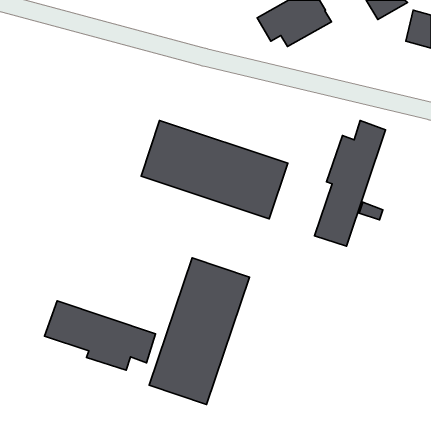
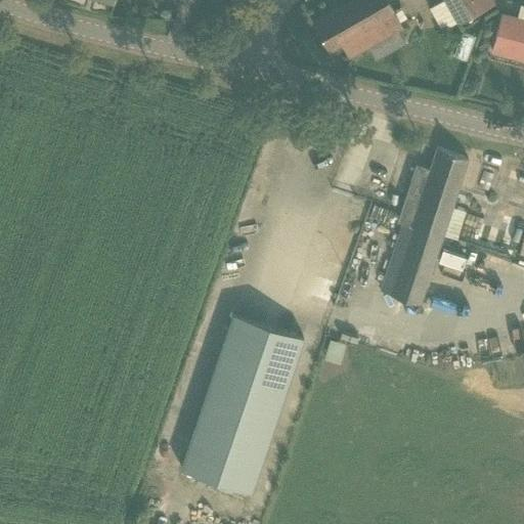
building: [141,121,288,219] -> none
building: [45,301,156,370] -> none

